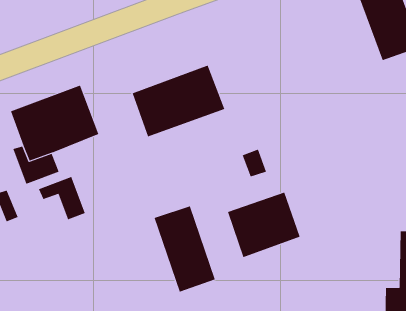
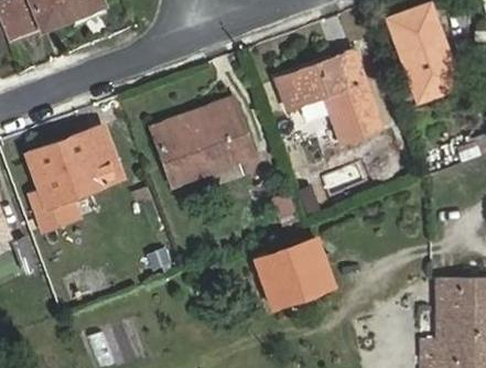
building: none -> [277,50,381,143]
building: [38,176,86,220] -> none
building: [154,206,215,292] -> none

